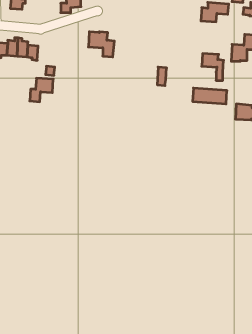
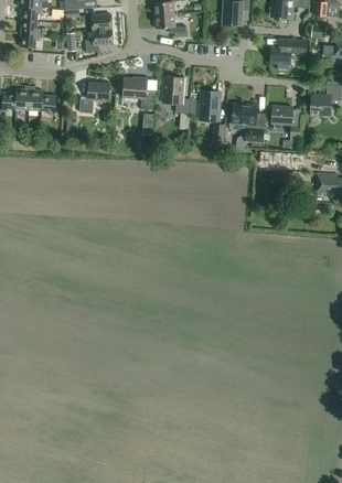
building: none -> [162,76,190,114]
building: none -> [200,90,221,118]
building: none -> [228,103,265,141]
building: [30,78,53,102] -> [79,82,110,112]

